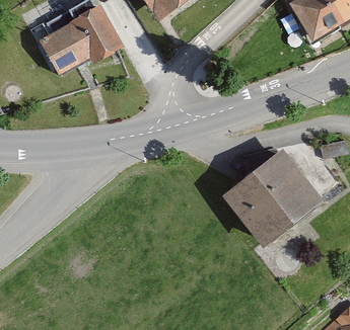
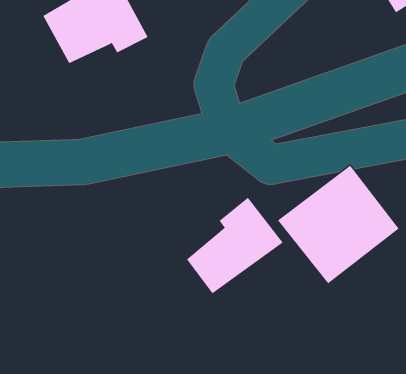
building: none -> [186,197,283,294]

